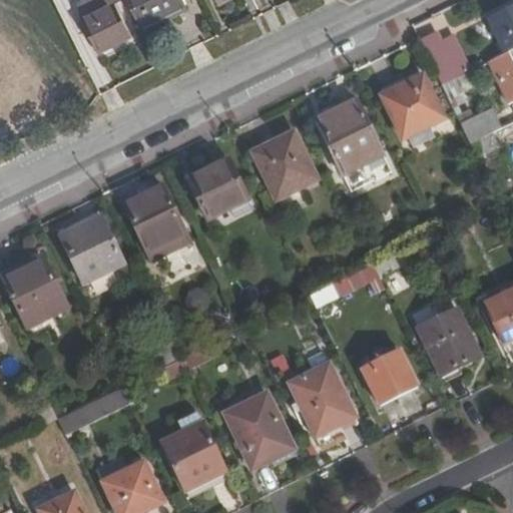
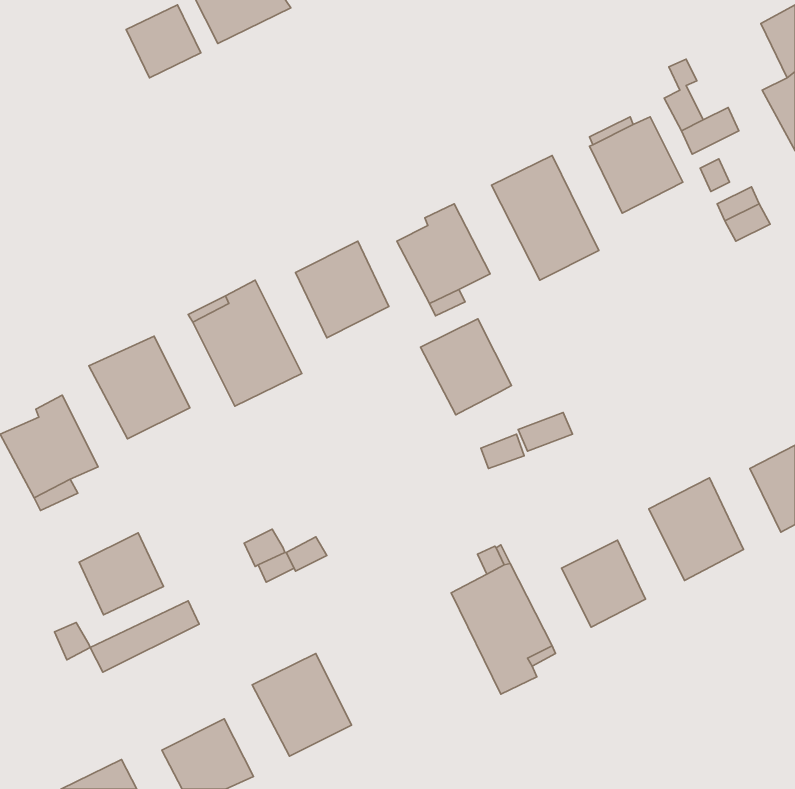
building: none -> [421,319,512,415]
building: none -> [79,533,164,615]
building: [225,393,292,467] -> none

